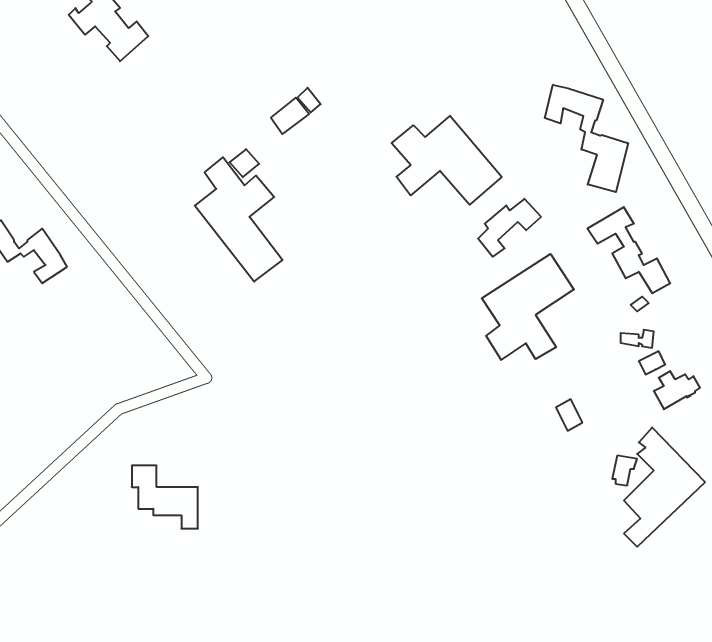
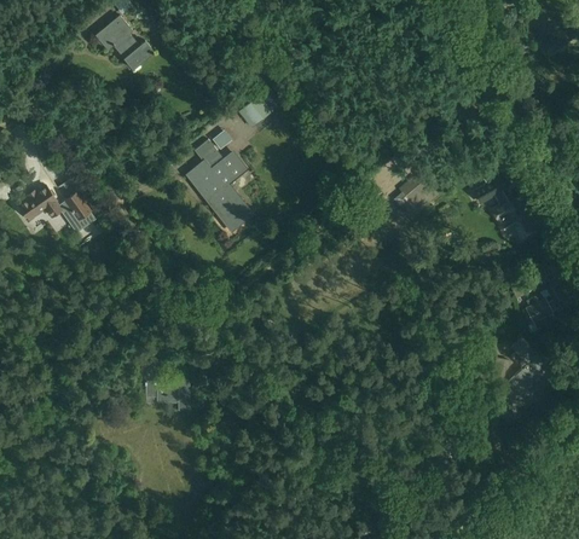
building: [545,85,628,192] -> none
building: [392,116,502,205] -> none
building: [482,254,574,360] -> none

